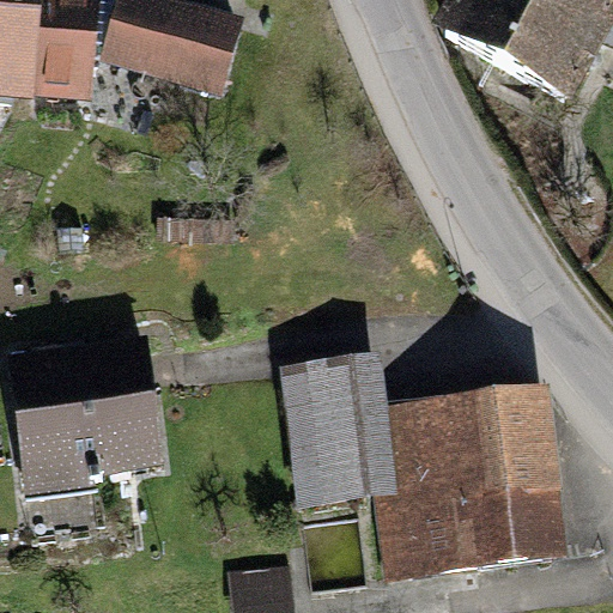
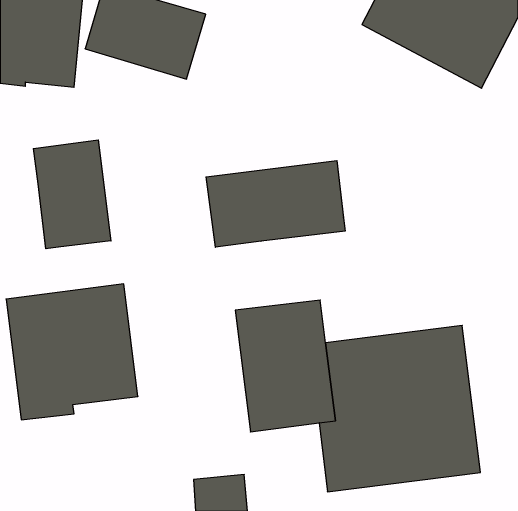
building: none -> [33,140,111,249]
building: none -> [206,161,345,247]

